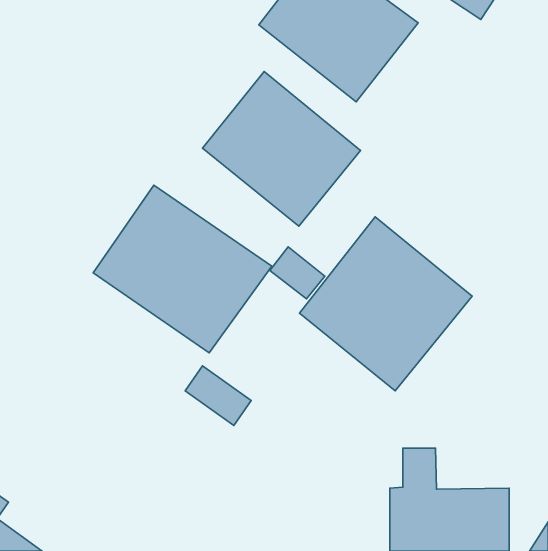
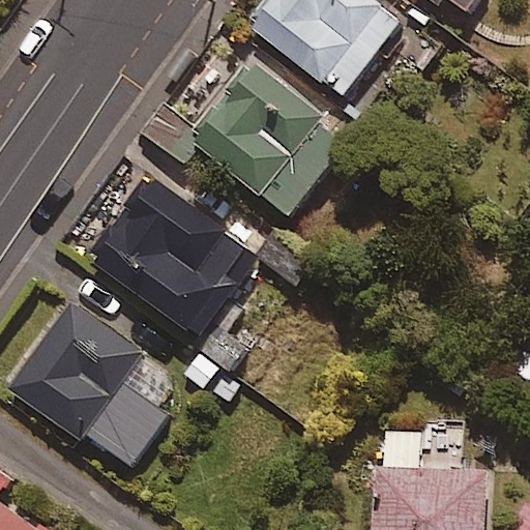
building: [300,217,472,391] -> none
building: none -> [7,302,178,473]

